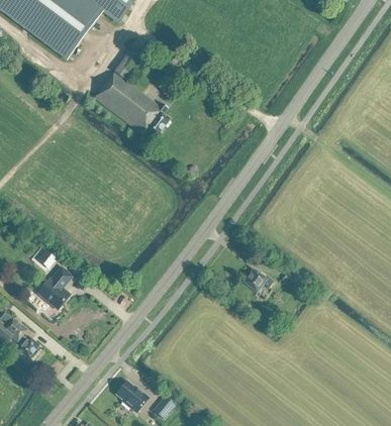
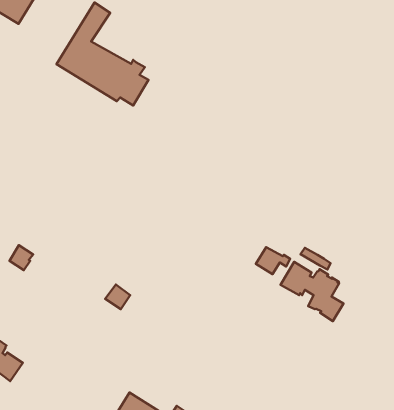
building: [38,265,72,307] -> none
building: none -> [280,262,344,321]

